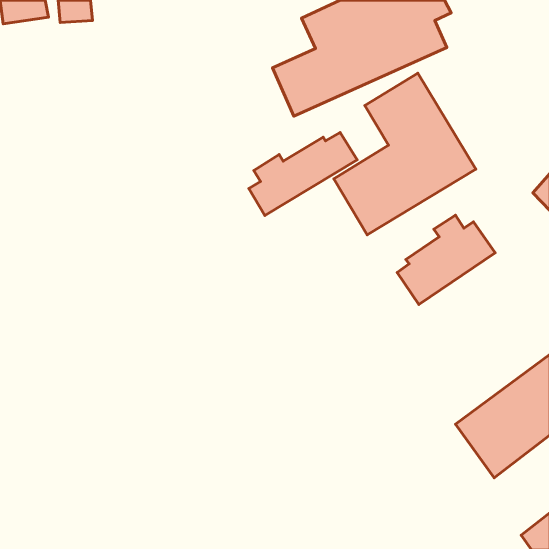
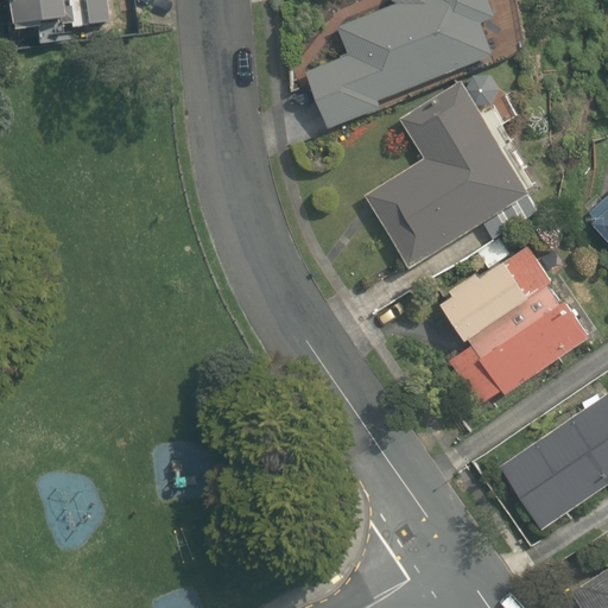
building: [249,133,357,216] -> none
building: none -> [446,285,589,405]

